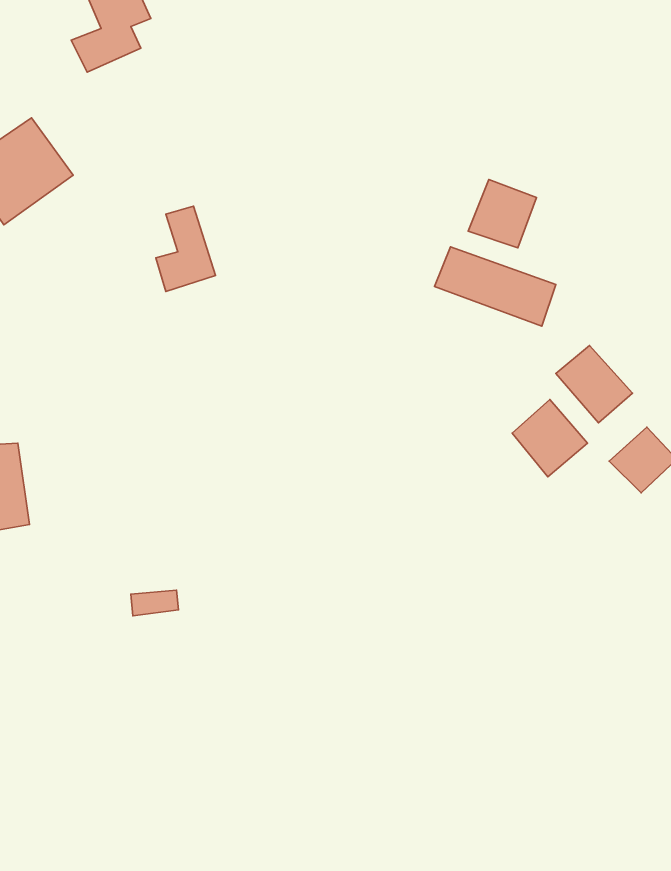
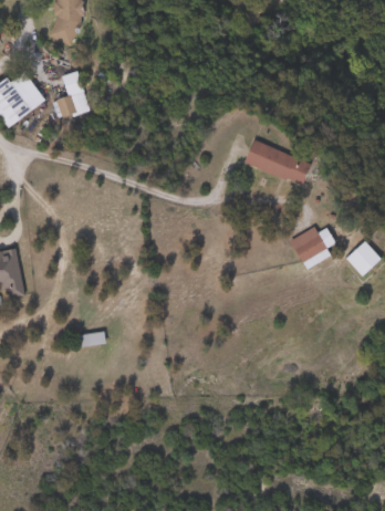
building: [468,180,536,248] -> none
building: [156,206,215,292] -> [56,71,90,118]
building: [556,346,632,423] -> none

